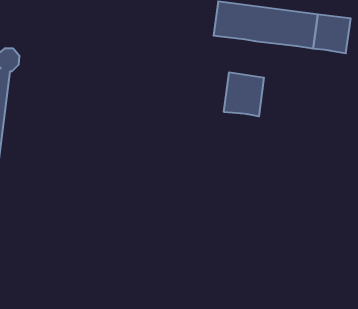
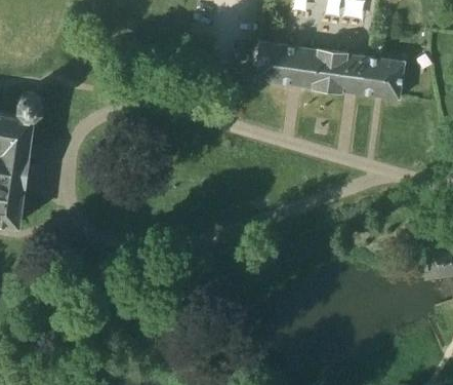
building: [224,72,264,116] -> none

